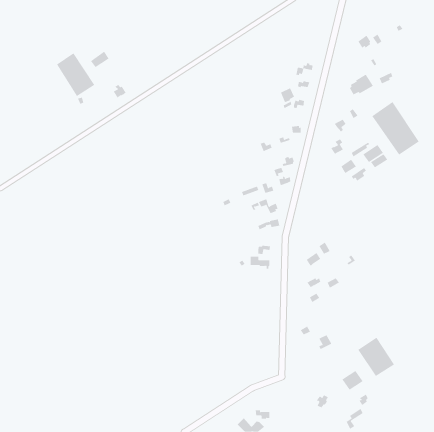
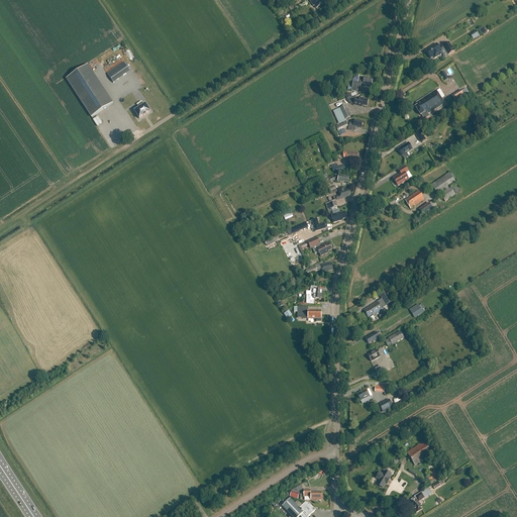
building: [372,101,420,156] -> none
building: [357,337,395,377] -> none

